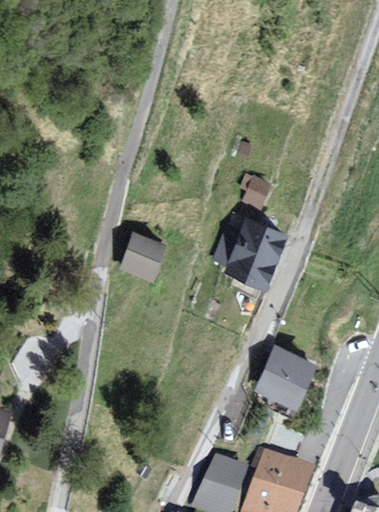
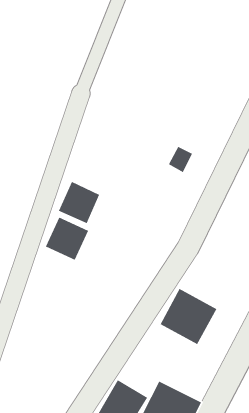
building: [225,215,291,287] -> none
building: none -> [45,217,89,261]

